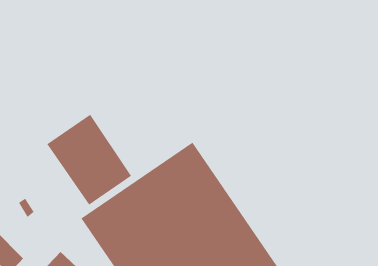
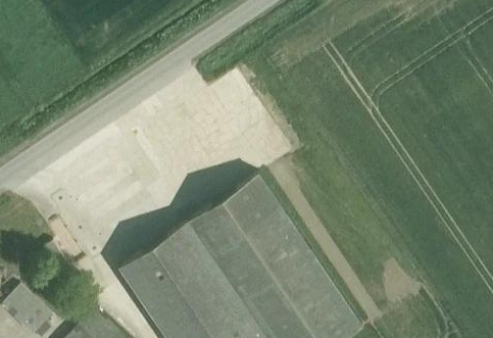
building: [46,114,132,206] -> none

